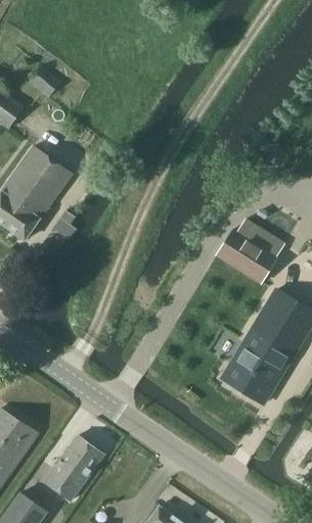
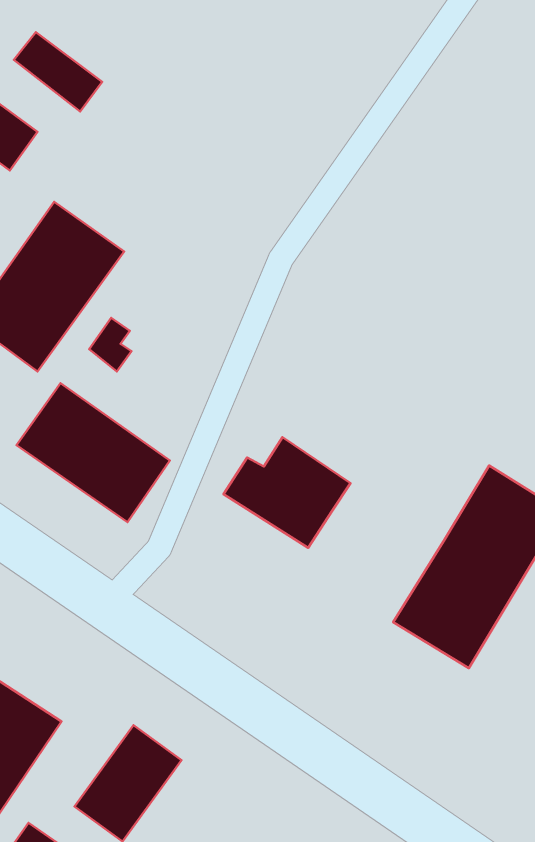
building: [214,219,284,280] -> [223,437,351,548]
building: none -> [17,383,170,522]

